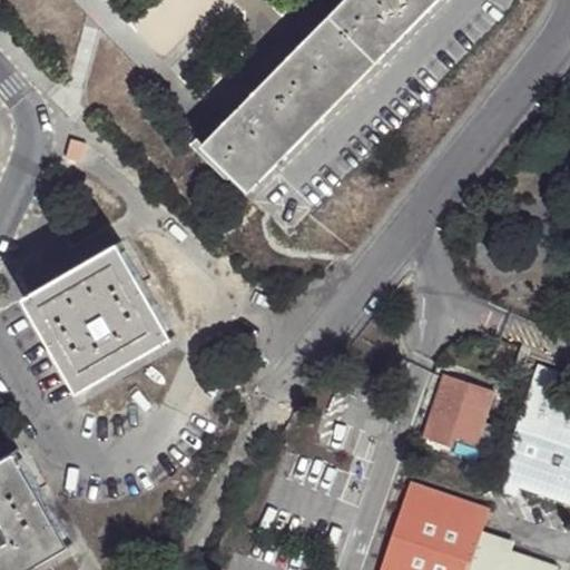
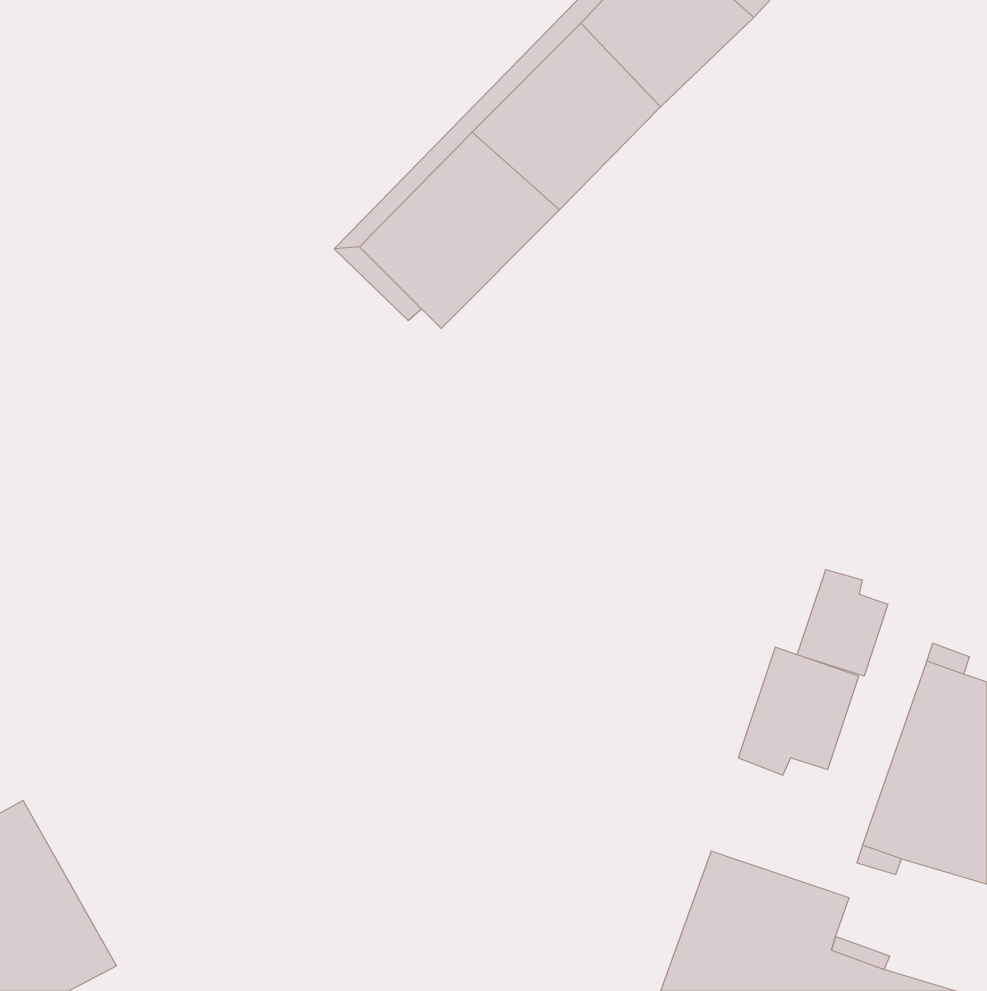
building: [22,247,170,396] -> none
building: none -> [797,570,888,676]

